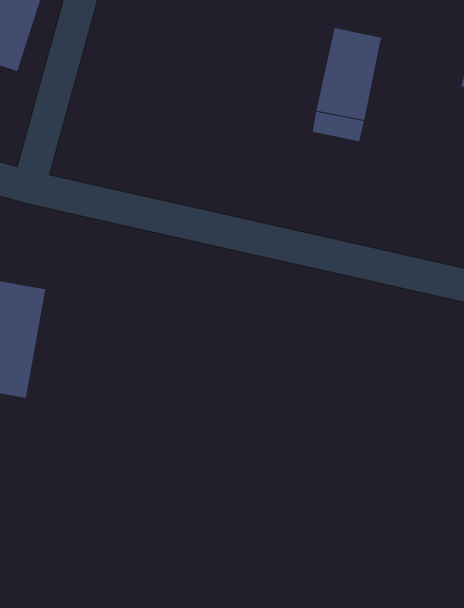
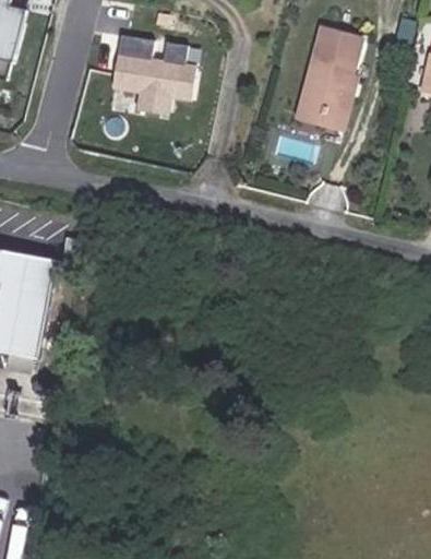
building: none -> [121,38,207,117]

